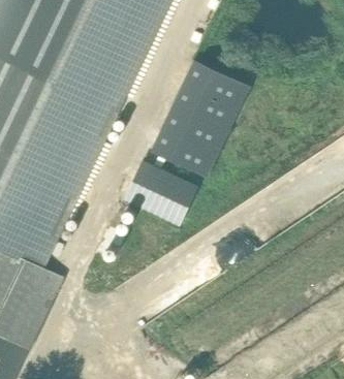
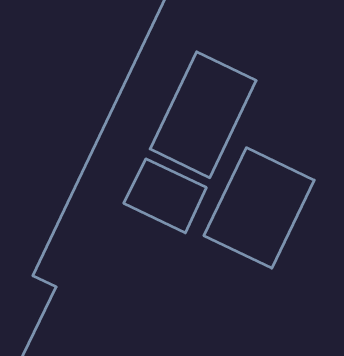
building: none -> [204,148,314,268]

